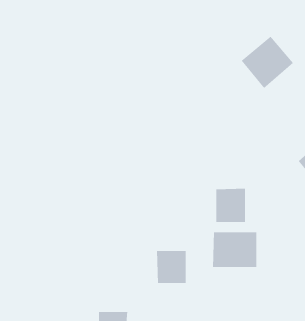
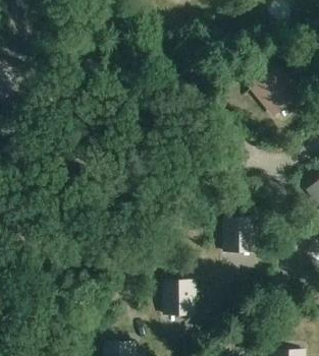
building: [213,232,257,268] -> none

